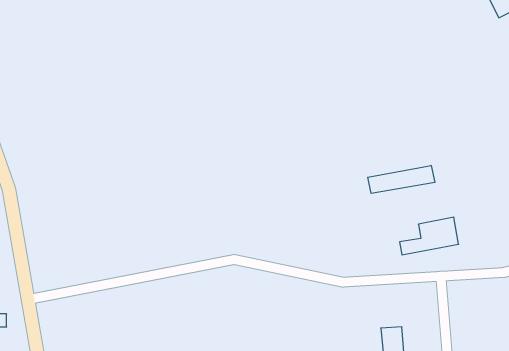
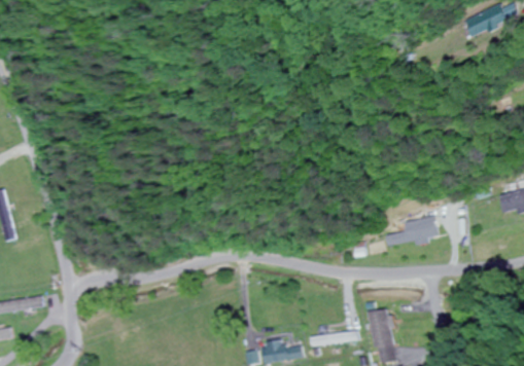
building: [368,165,435,193] -> none

